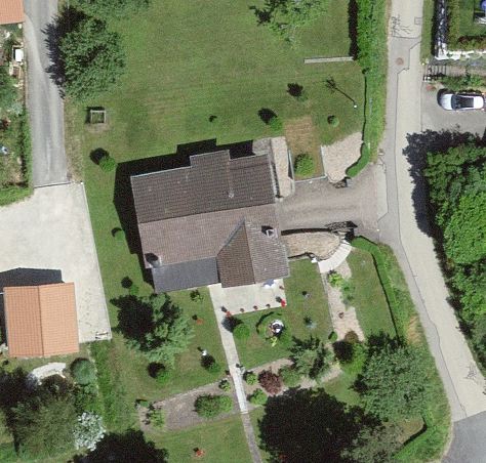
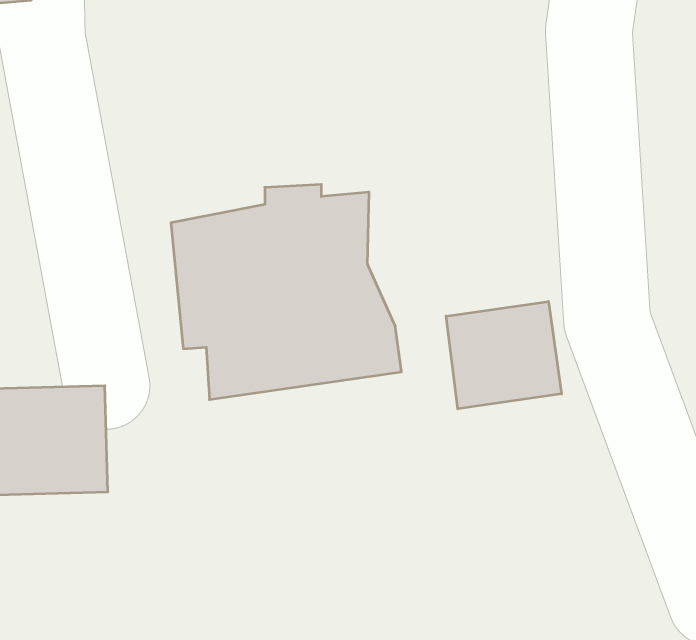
building: none -> [446,301,562,409]

